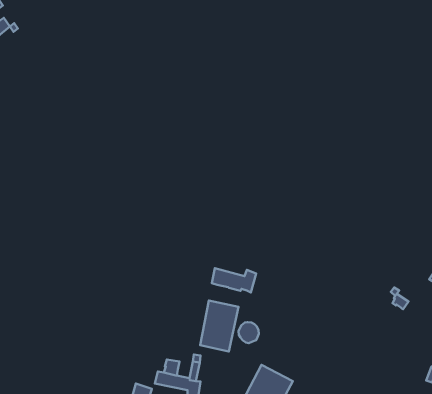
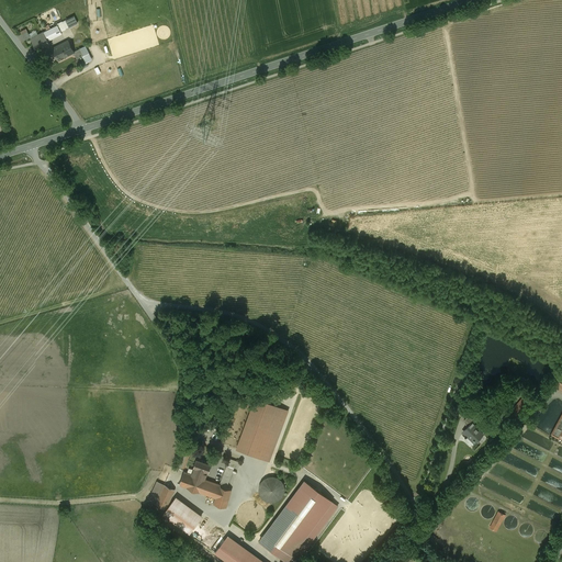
building: [212,268,256,292] -> none
building: [238,322,259,343] -> [260,479,283,503]

